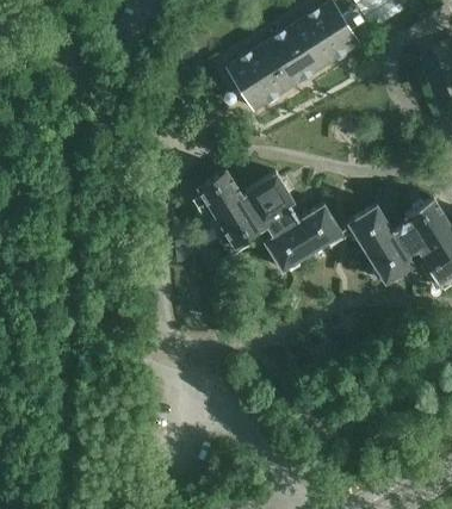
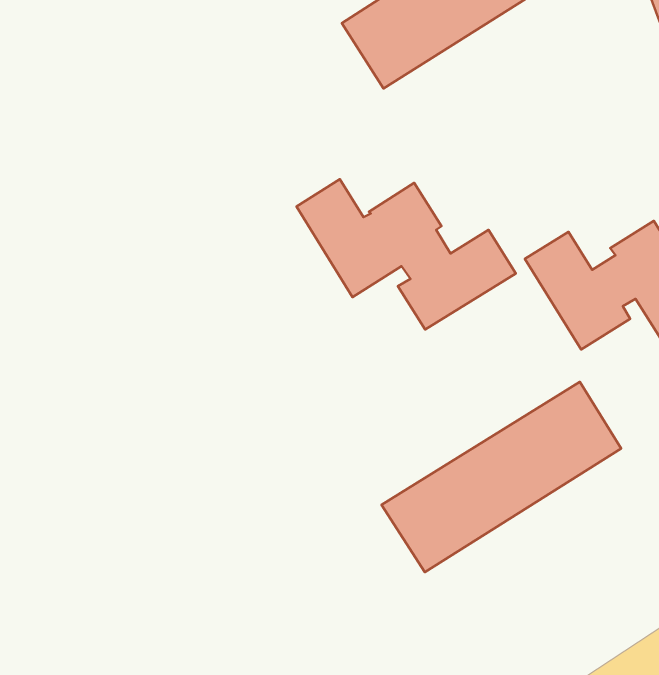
building: none -> [382,382,621,572]

